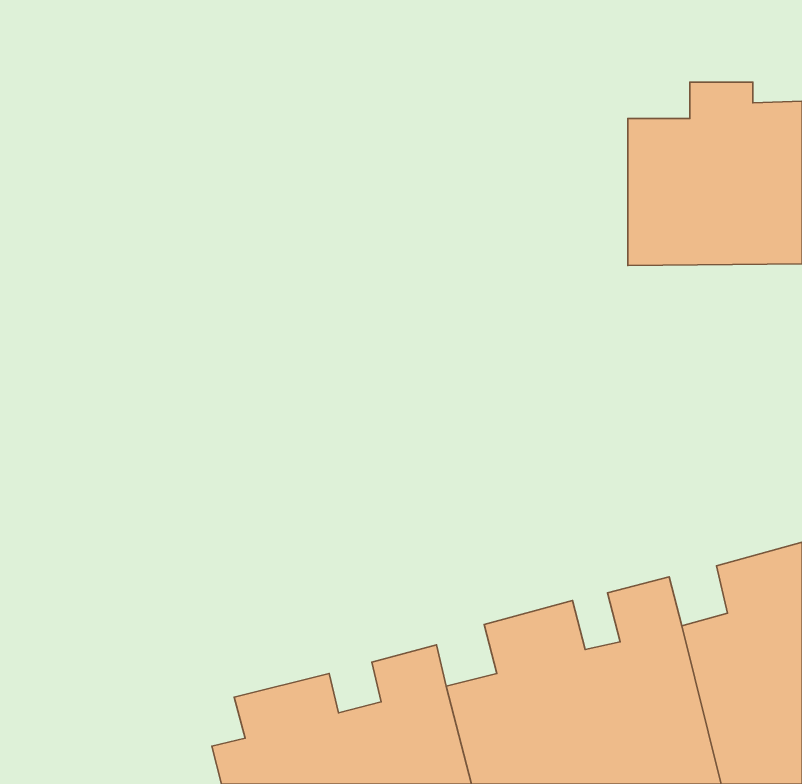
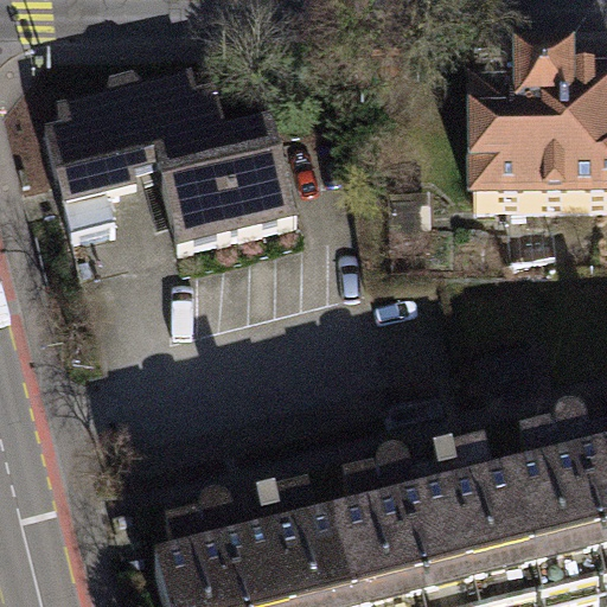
building: none -> [45,70,293,242]

